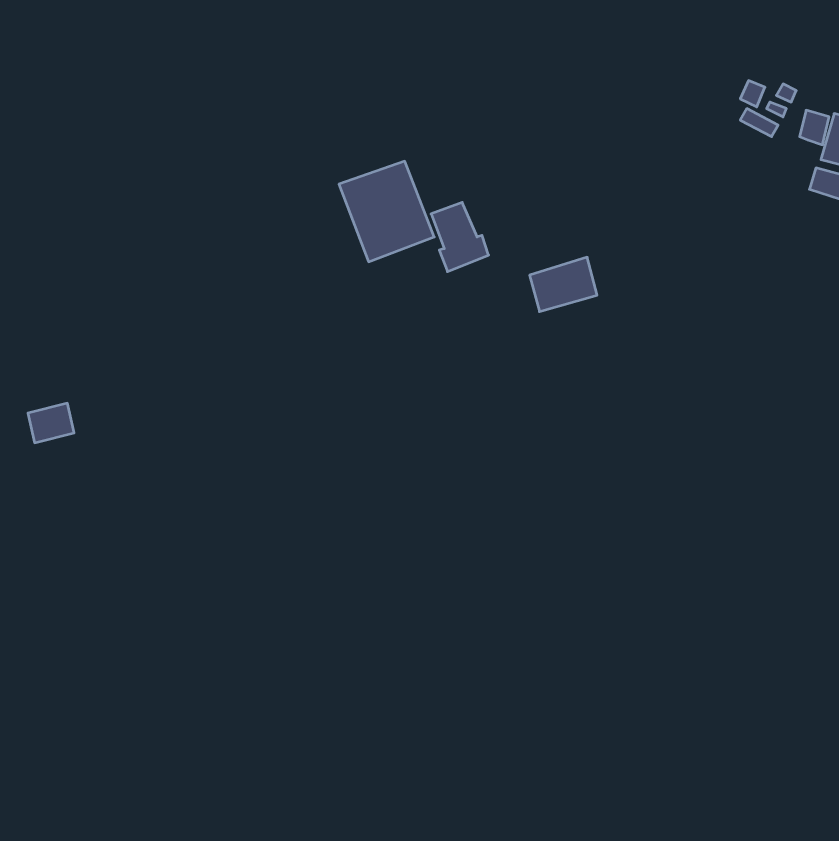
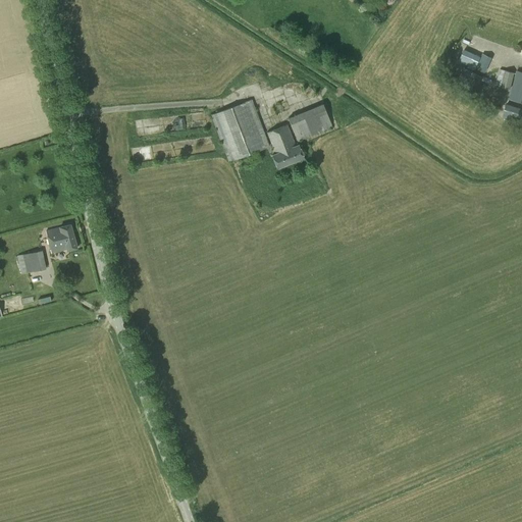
building: [530,257,597,312] -> [295,103,336,137]
building: none -> [47,224,77,252]

